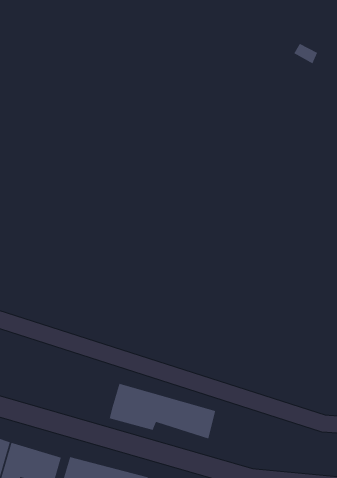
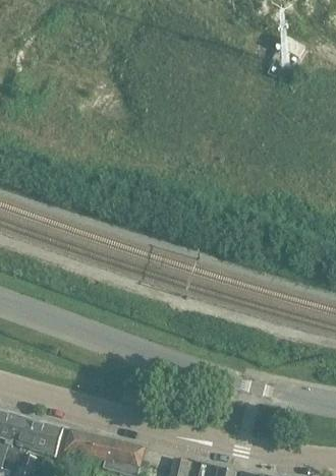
building: [109,383,216,440] -> none

